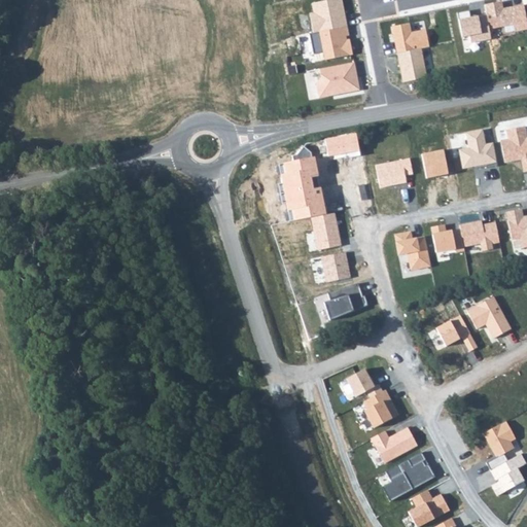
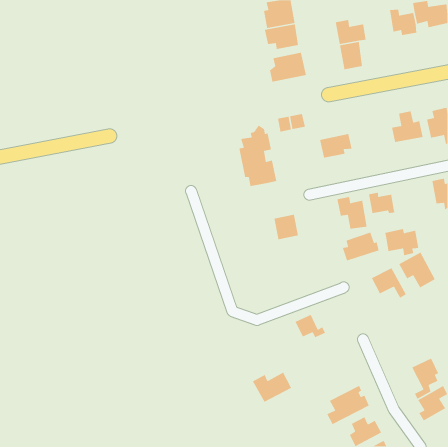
building: [422,148,449,178] -> none
building: [311,212,342,249] -> none
building: [459,218,500,251] -> [384,228,419,256]
building: [324,283,368,318] -> [342,232,380,261]
building: [364,389,398,427] -> none
building: [371,426,418,463] -> [252,371,292,403]

